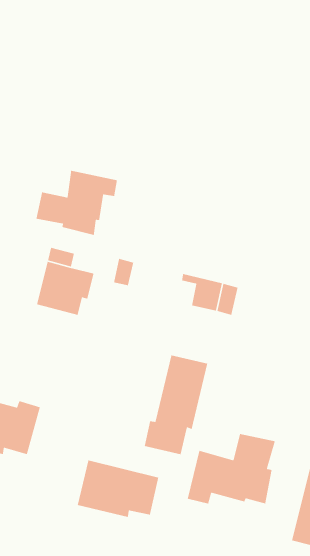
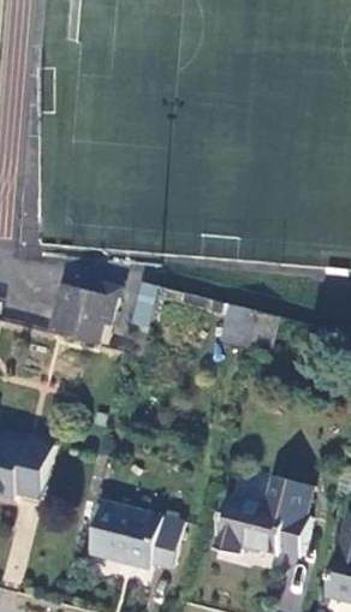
building: [35,170,118,236] -> none
building: [144,355,208,455] -> none

